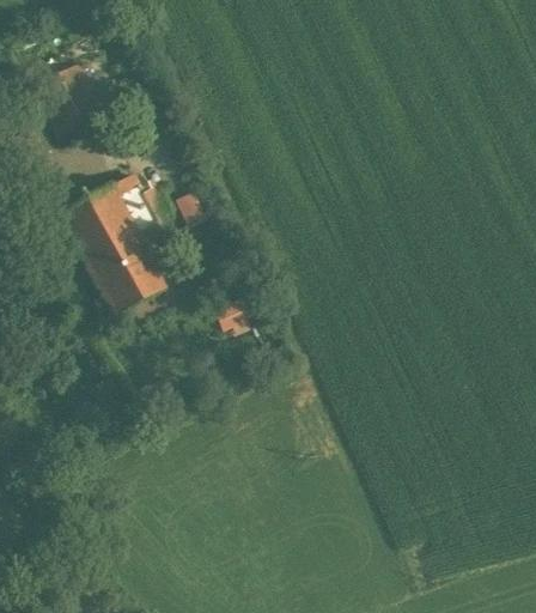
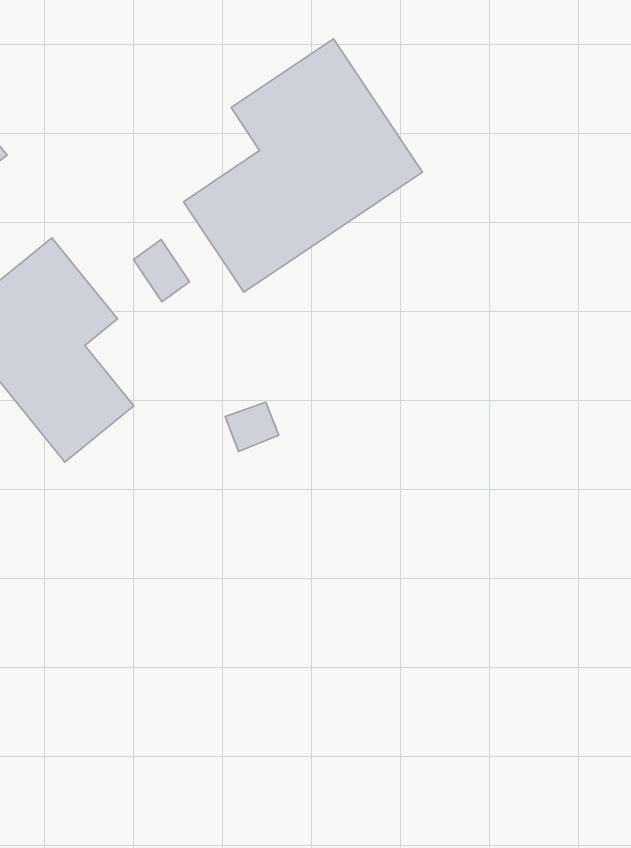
building: none -> [184,39,422,292]

